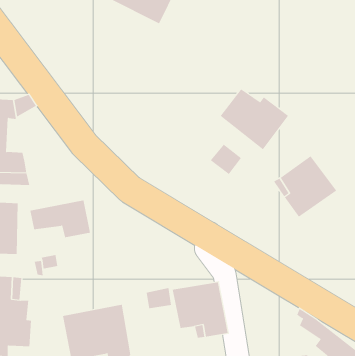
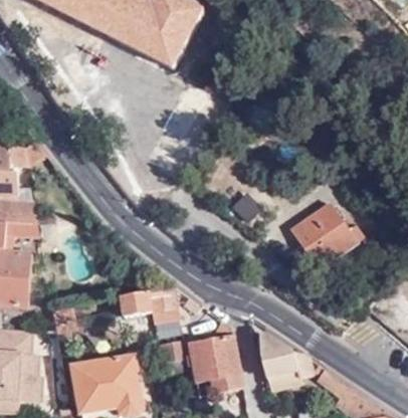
building: [220,88,289,150] -> none
building: [30,200,91,238] -> [119,285,182,325]
building: none -> [260,332,314,388]

